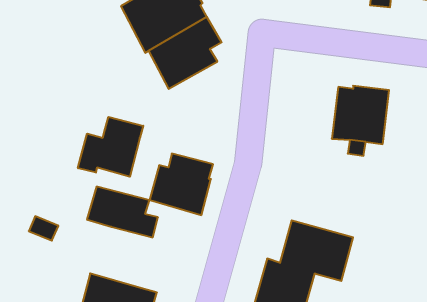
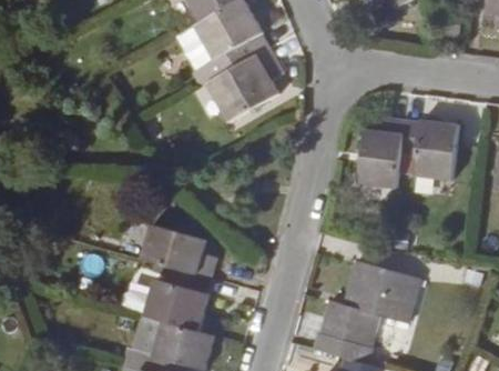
building: none -> [358,117,405,189]
building: [78,117,143,177] -> none
building: [150,154,213,215] -> [144,267,211,331]

